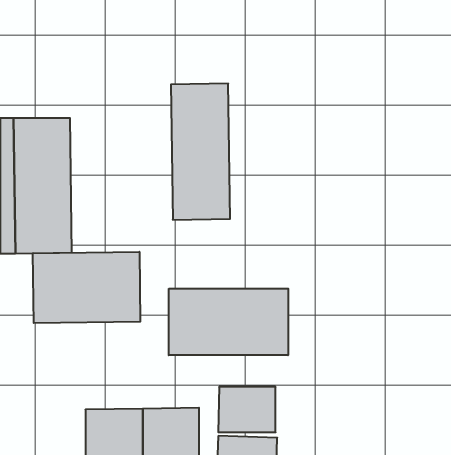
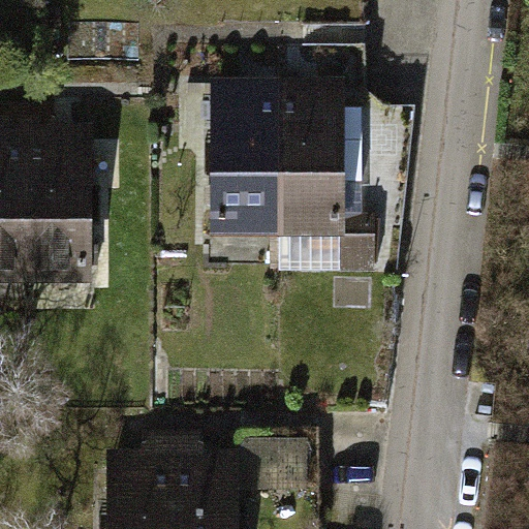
building: none -> [275,104,341,259]
building: [33,252,140,323] -> none
building: [169,289,288,355] -> none

